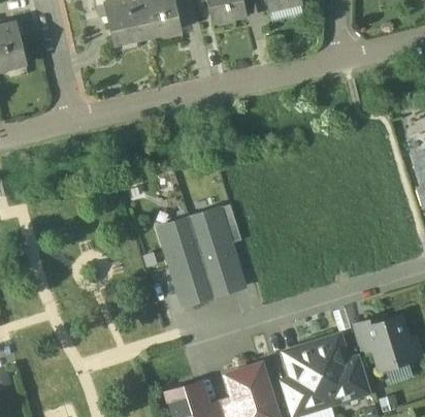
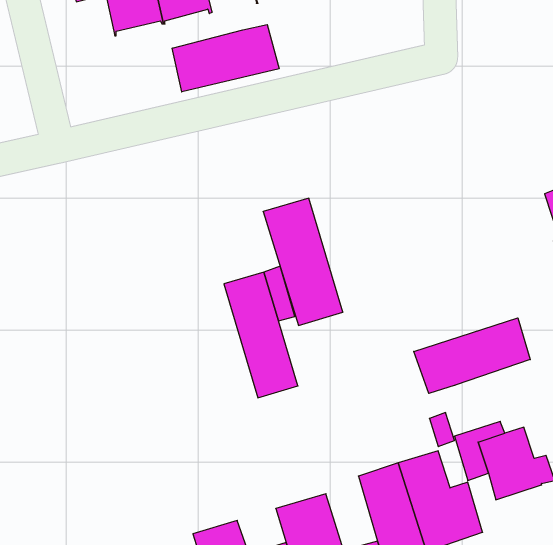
building: none -> [172,25,279,92]
building: [159,218,215,307] -> [263,198,343,325]
building: none -> [414,318,530,393]

